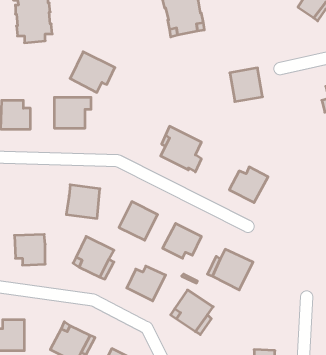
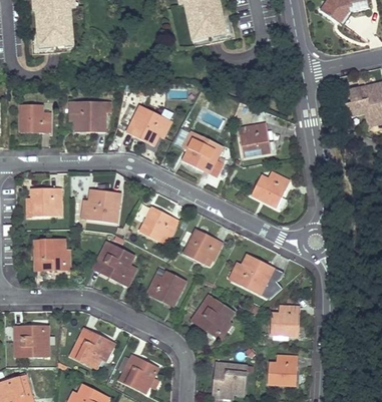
building: [70,52,115,92] -> [126,104,171,145]
building: [230,68,263,102] -> [238,122,271,156]
building: none -> [31,186,61,216]
building: none -> [271,305,300,335]

